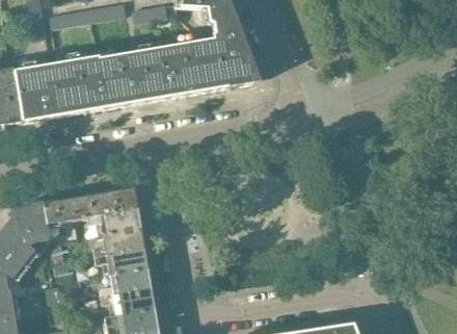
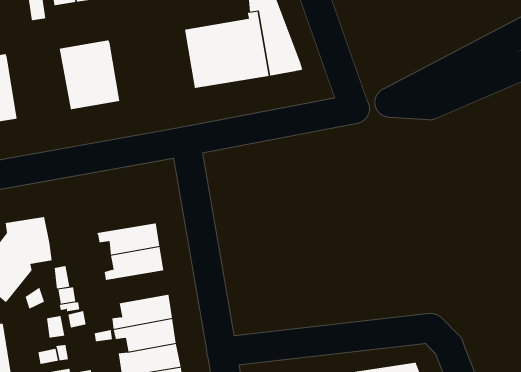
building: [101,47,170,106] -> none
building: [16,62,68,121] -> none
building: [47,186,139,224] -> none
building: [97,247,150,274] -> none

